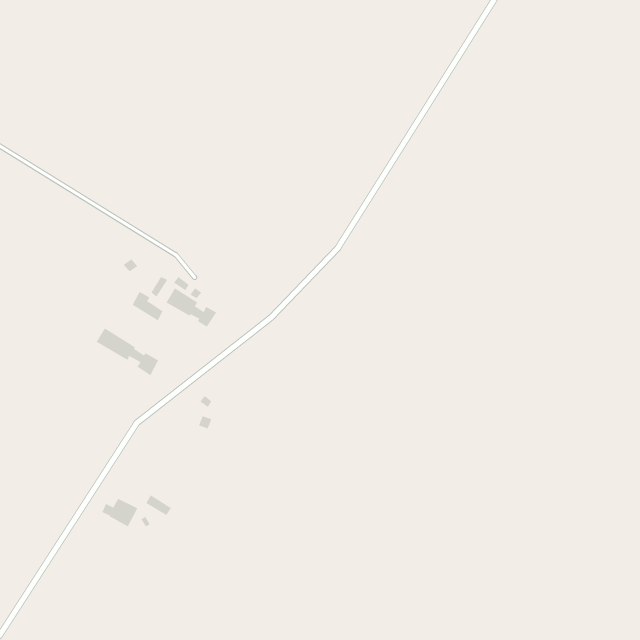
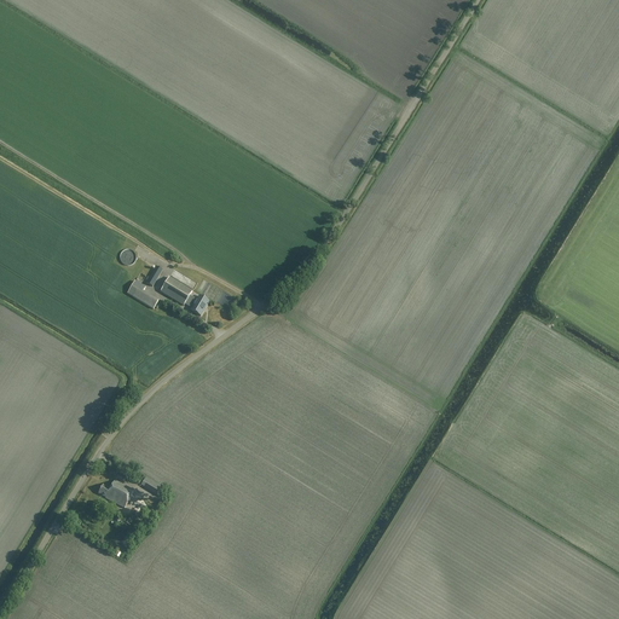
building: [96,328,159,376] -> none

